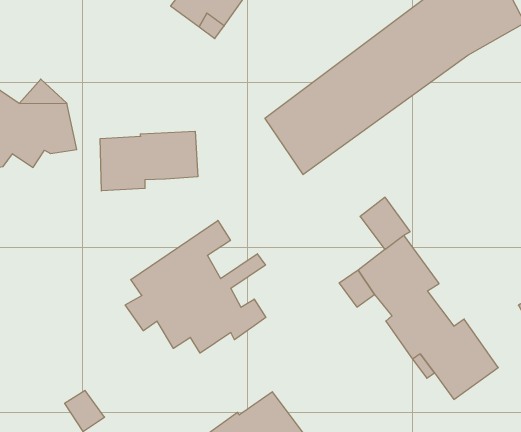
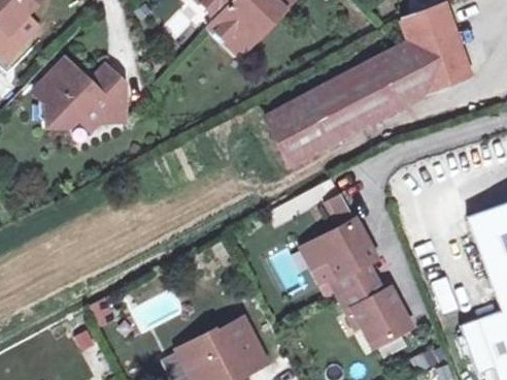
building: [100,131,198,191] -> none
building: [125,220,266,353] -> none

